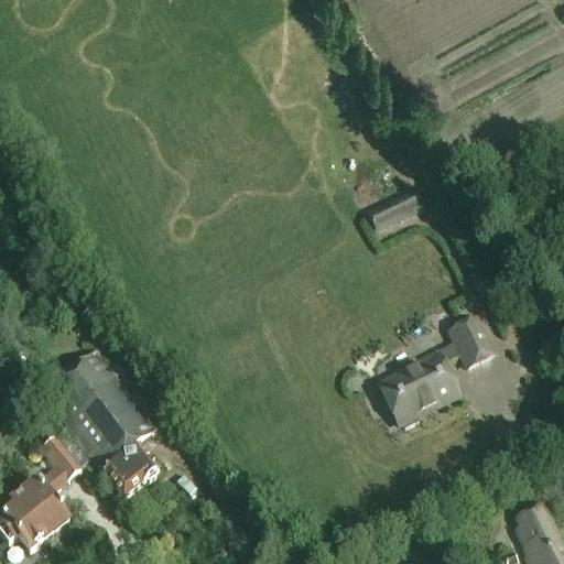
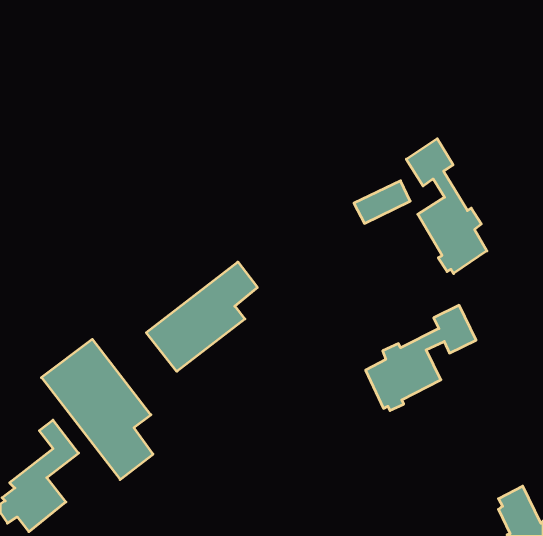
building: none -> [406,139,487,274]
building: none -> [146,262,257,371]

